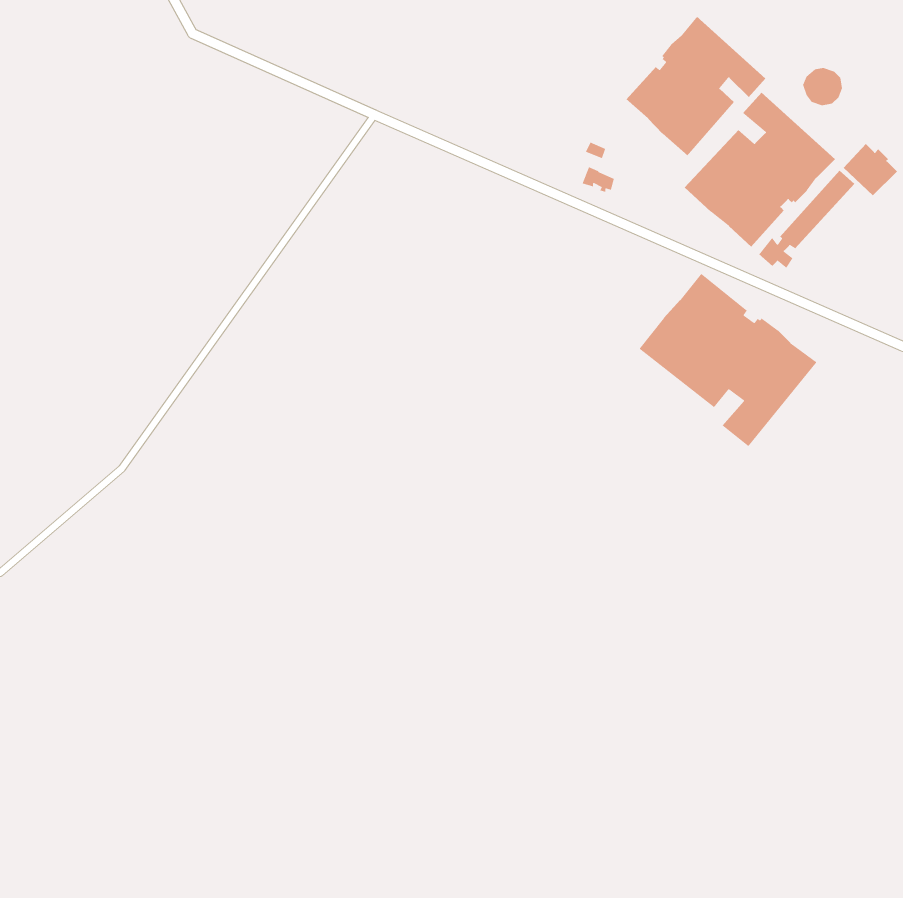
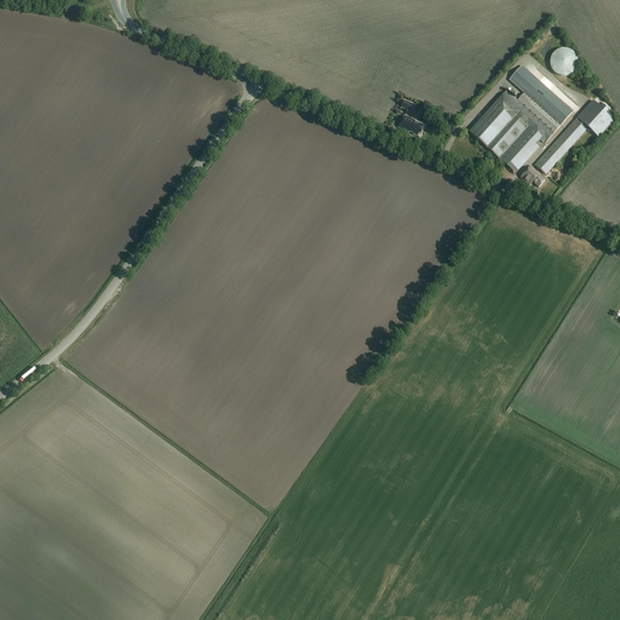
building: [626,16,766,156] -> none
building: [639,273,818,447] -> none

